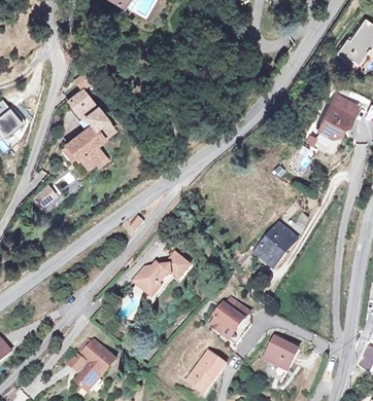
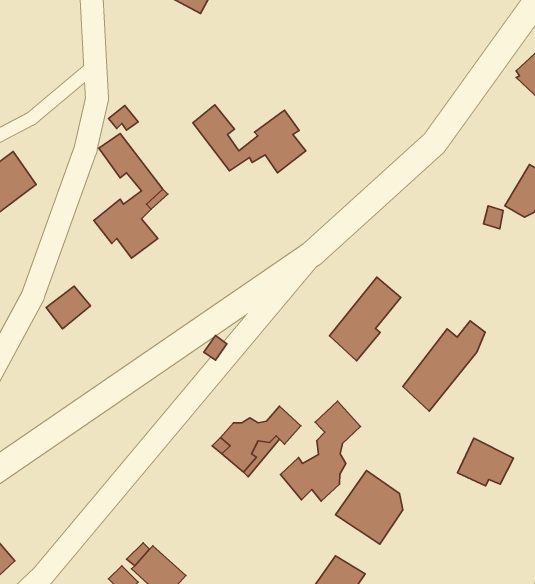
building: none -> [193,105,306,173]
building: none -> [330,277,401,361]
building: none -> [280,401,361,501]
building: [267,334,302,364] -> [457,438,513,486]

